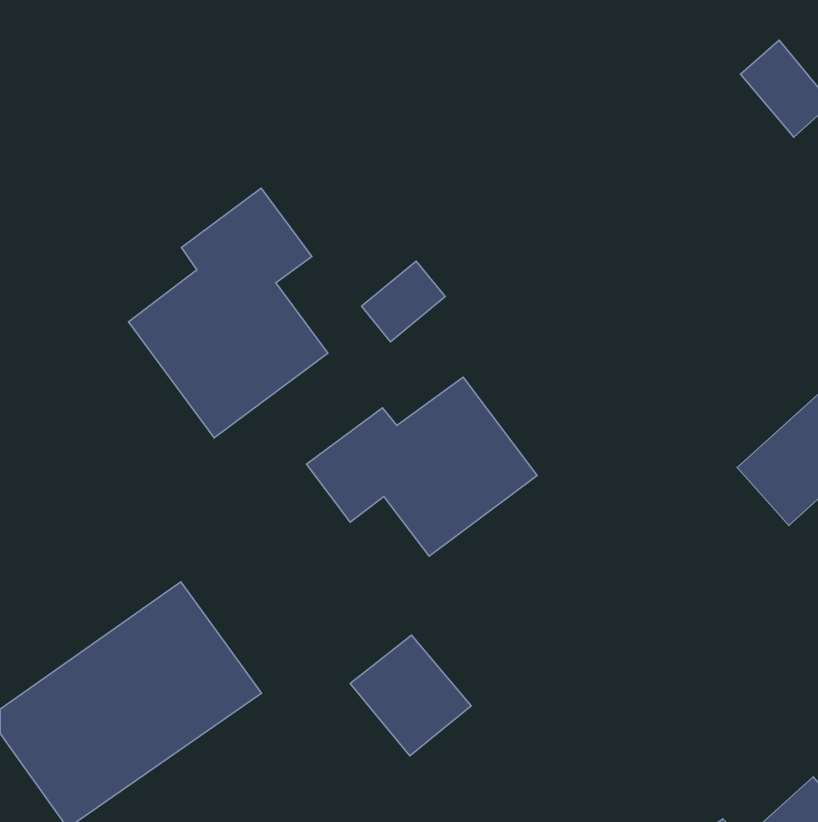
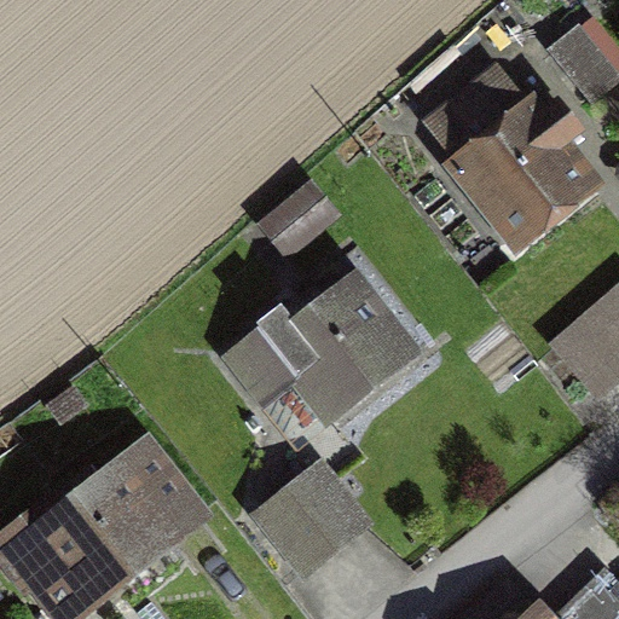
building: none -> [434,73,595,242]
building: [128,188,328,438] -> none

